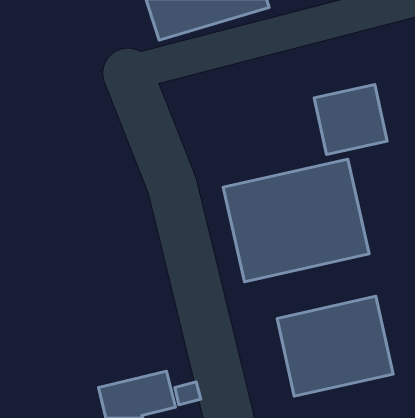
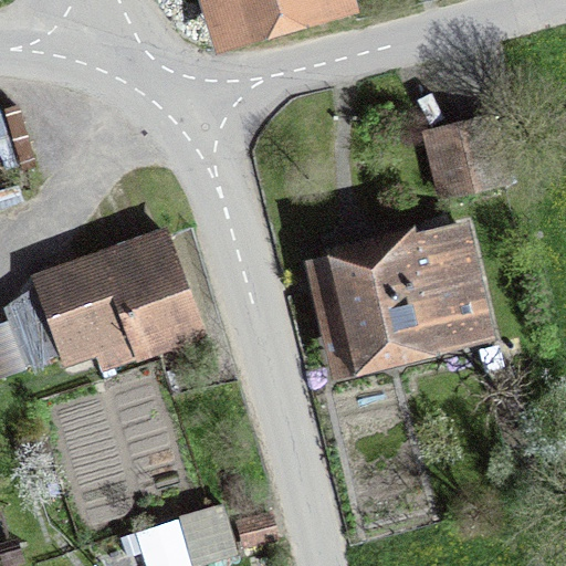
building: none -> [17,238,210,380]
building: [277,296,393,396] -> none

